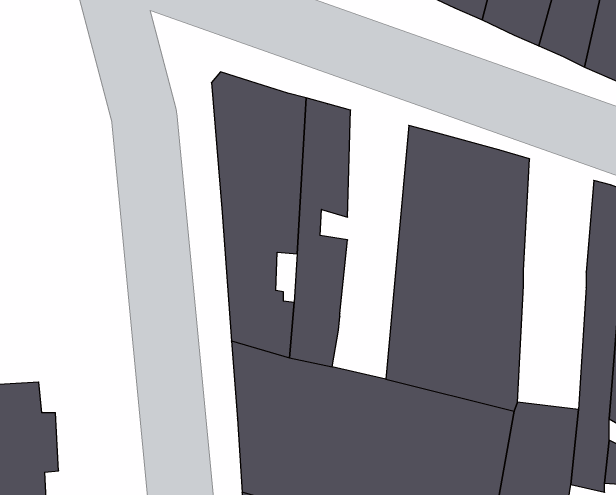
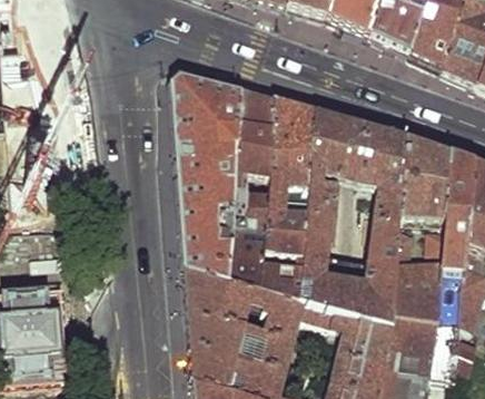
building: none -> [261,97,317,293]
building: none -> [400,133,452,215]
building: none -> [396,225,446,315]

